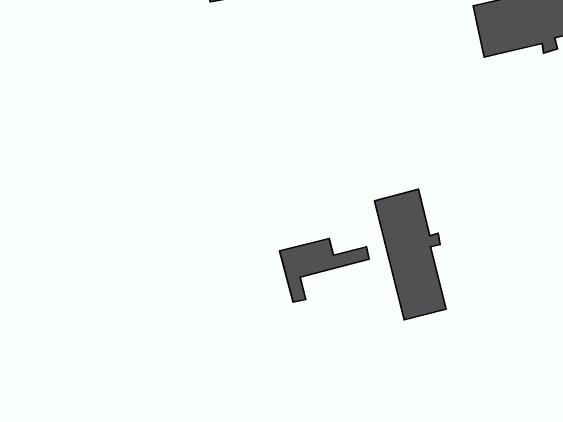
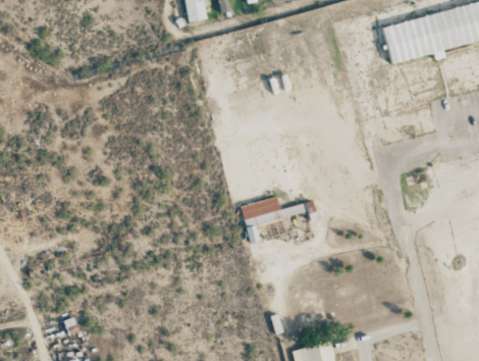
building: [374,189,446,320] -> none

